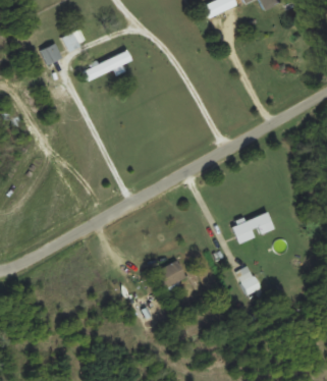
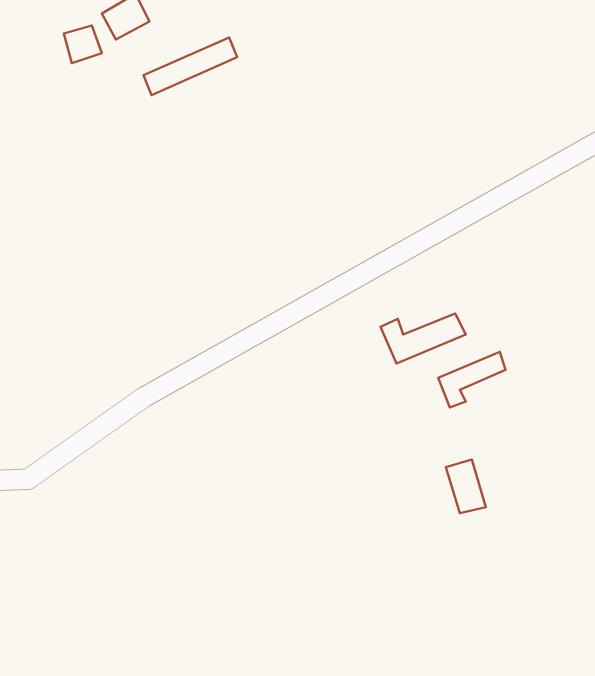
building: none -> [380,314,466,364]
building: [152,261,186,291] -> none

